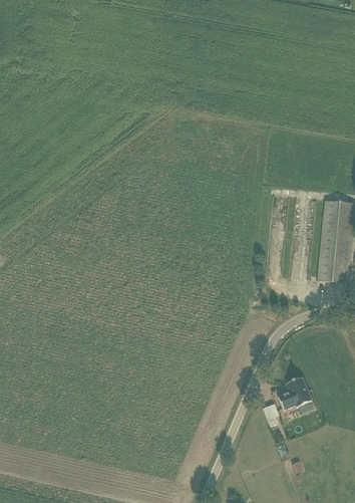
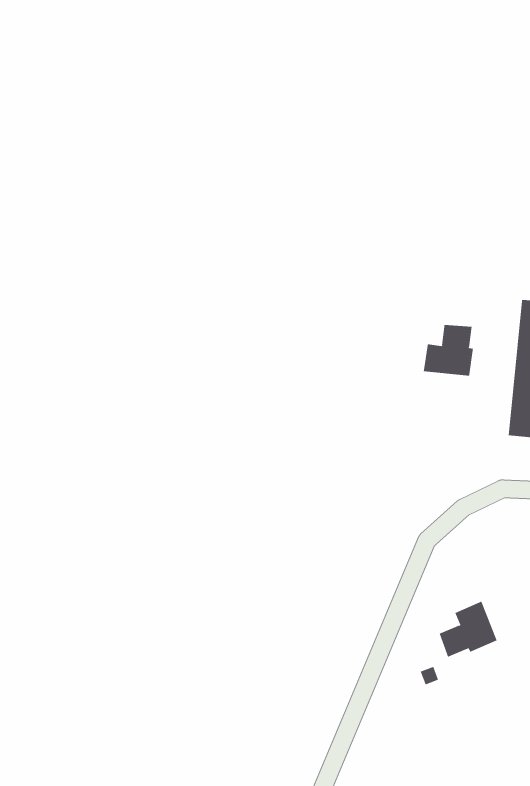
building: none -> [423,324,474,377]

